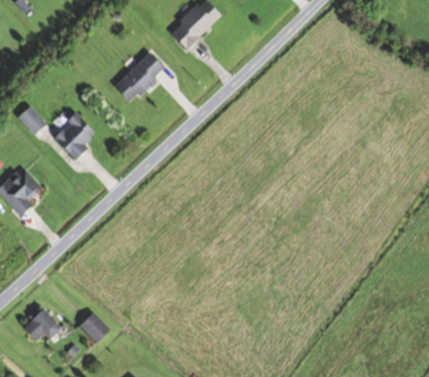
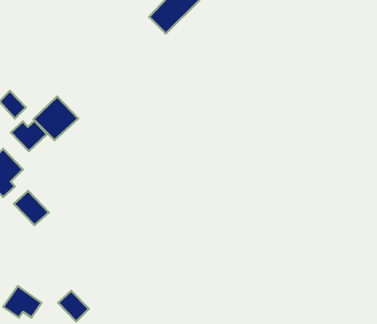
building: [114,52,167,104] -> none
building: none -> [11,121,47,151]
building: none -> [14,191,49,225]

